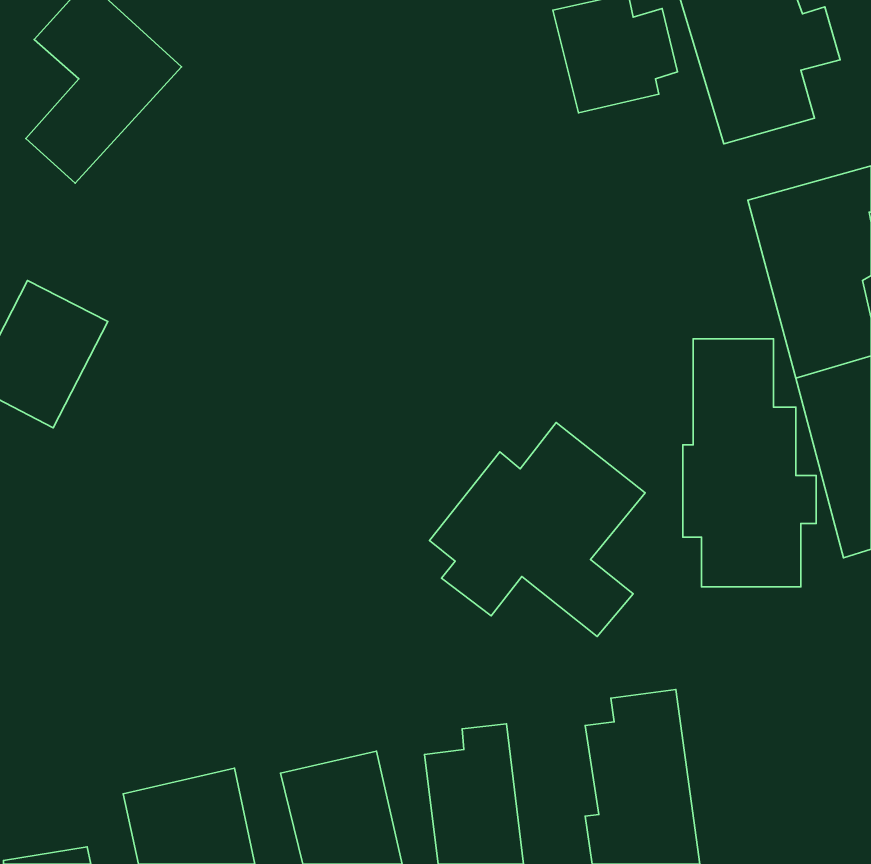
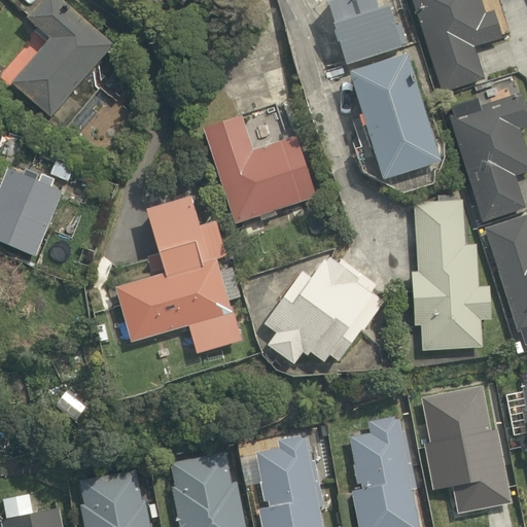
building: none -> [350,60,435,178]
building: none -> [206,120,319,219]
building: none -> [118,203,240,359]
building: none -> [419,387,508,513]

